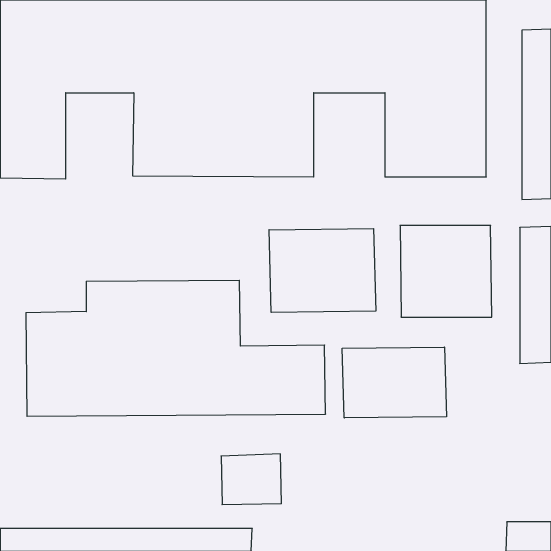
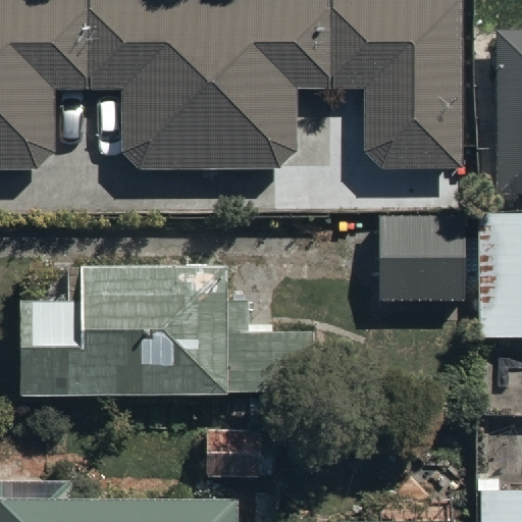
building: [269,229,376,312] -> none
building: [342,347,446,418] -> none

